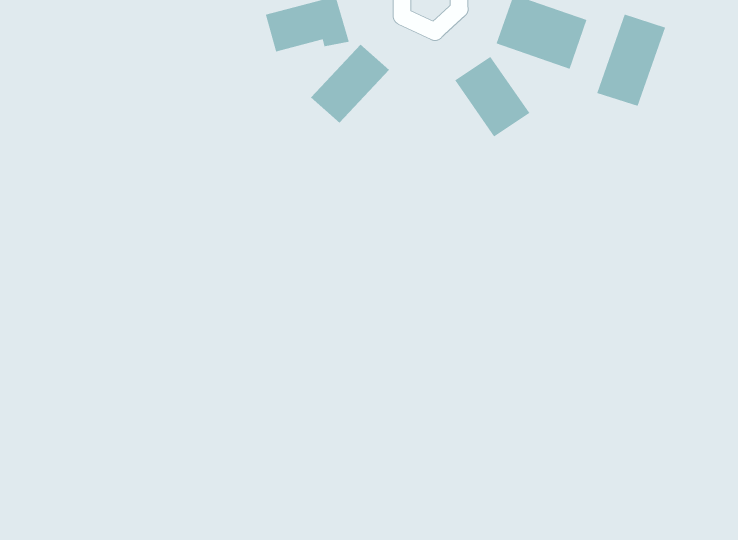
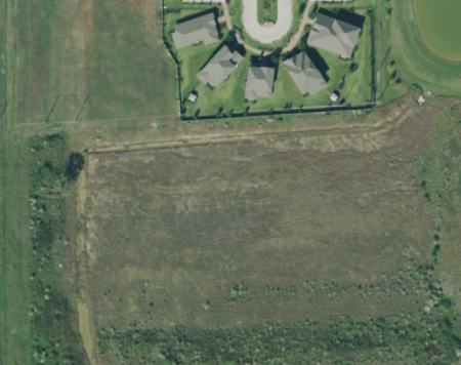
building: [596,14,666,107] -> none
building: none -> [246,66,274,98]

